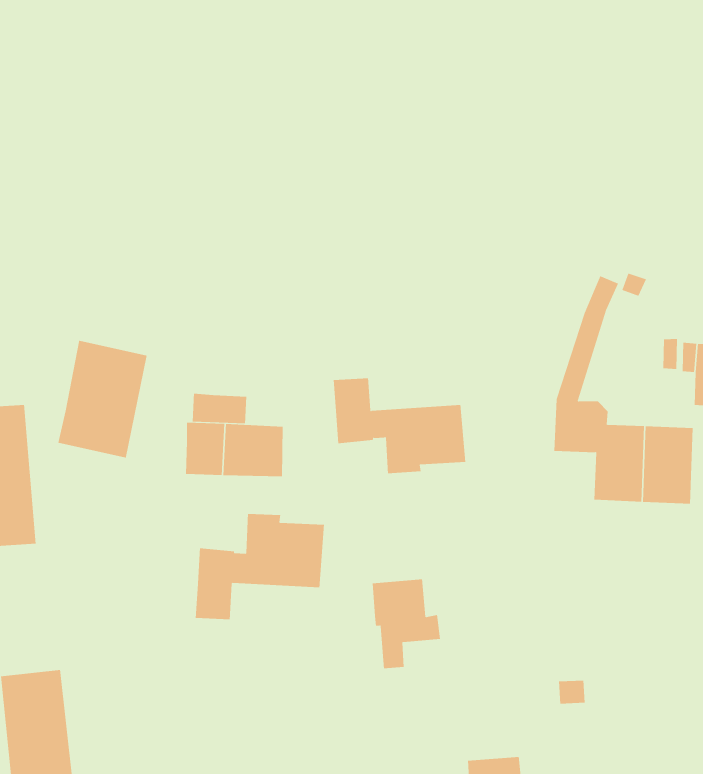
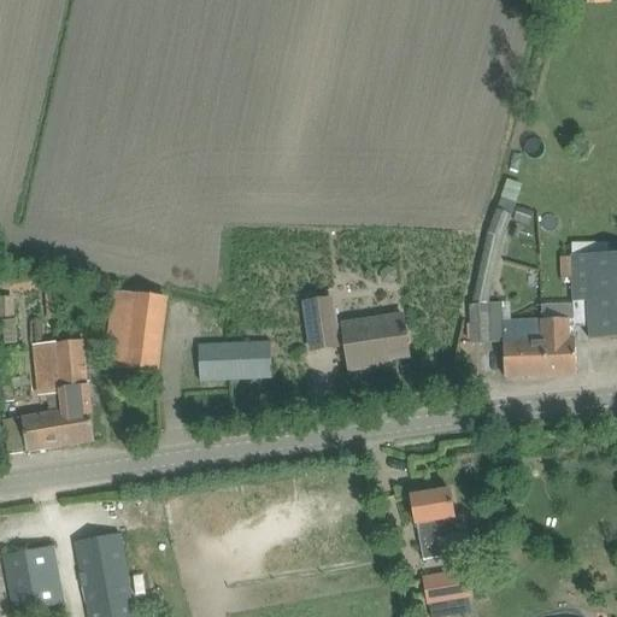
building: [192,393,247,424] -> none
building: [195,513,324,620] -> none
building: [372,579,441,669] -> [411,489,465,558]

